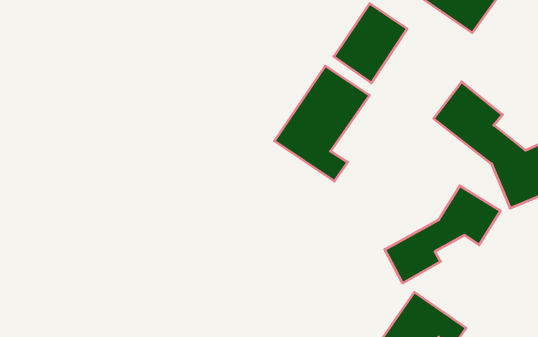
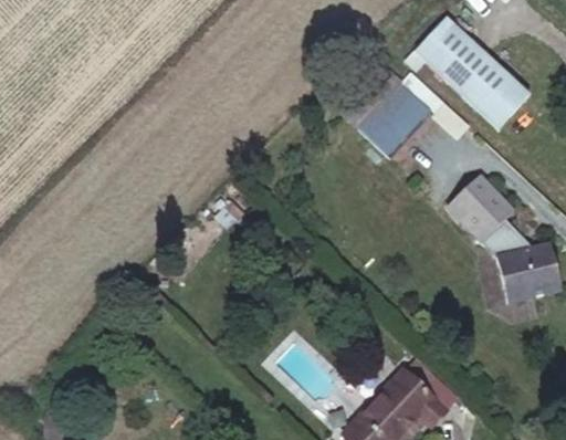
building: [274,66,369,181] -> none
building: [385,186,500,283] -> none

